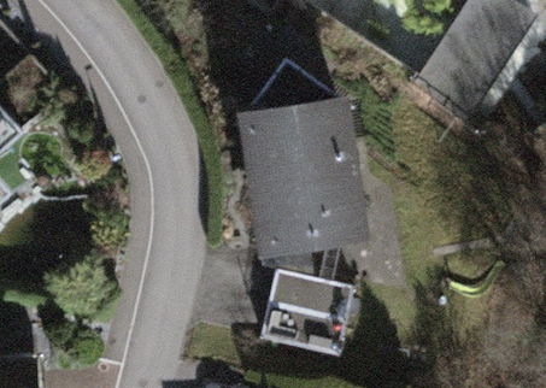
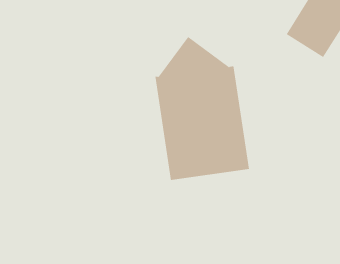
building: [263,274,357,359] -> none

